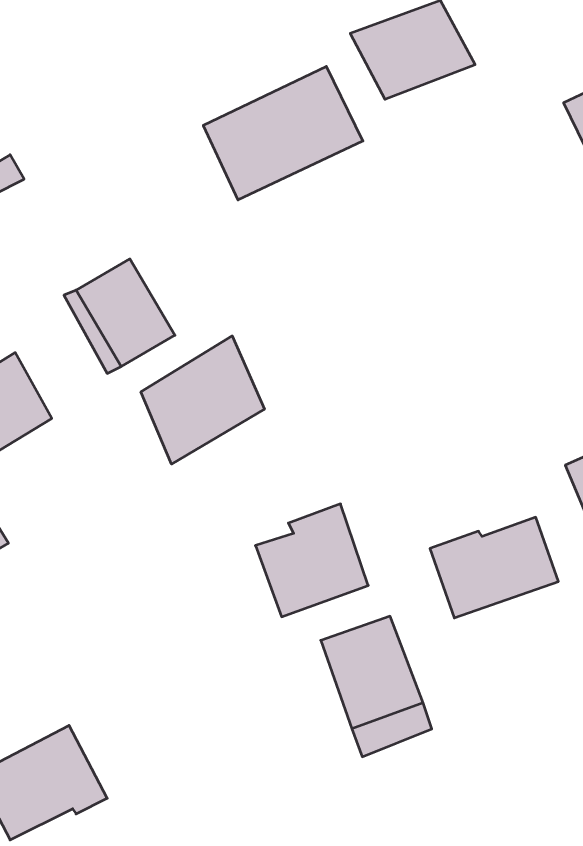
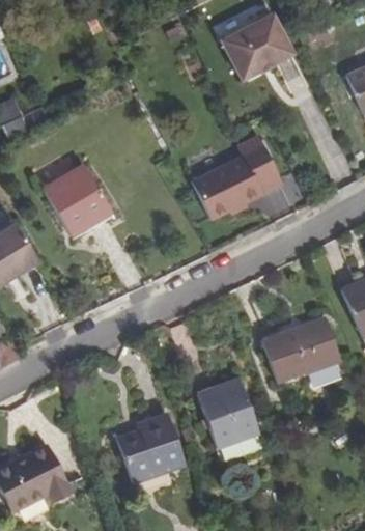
building: [203,66,363,200] -> [189,141,284,221]
building: [141,336,264,464] -> none
building: [255,504,368,617] -> [117,414,185,481]

